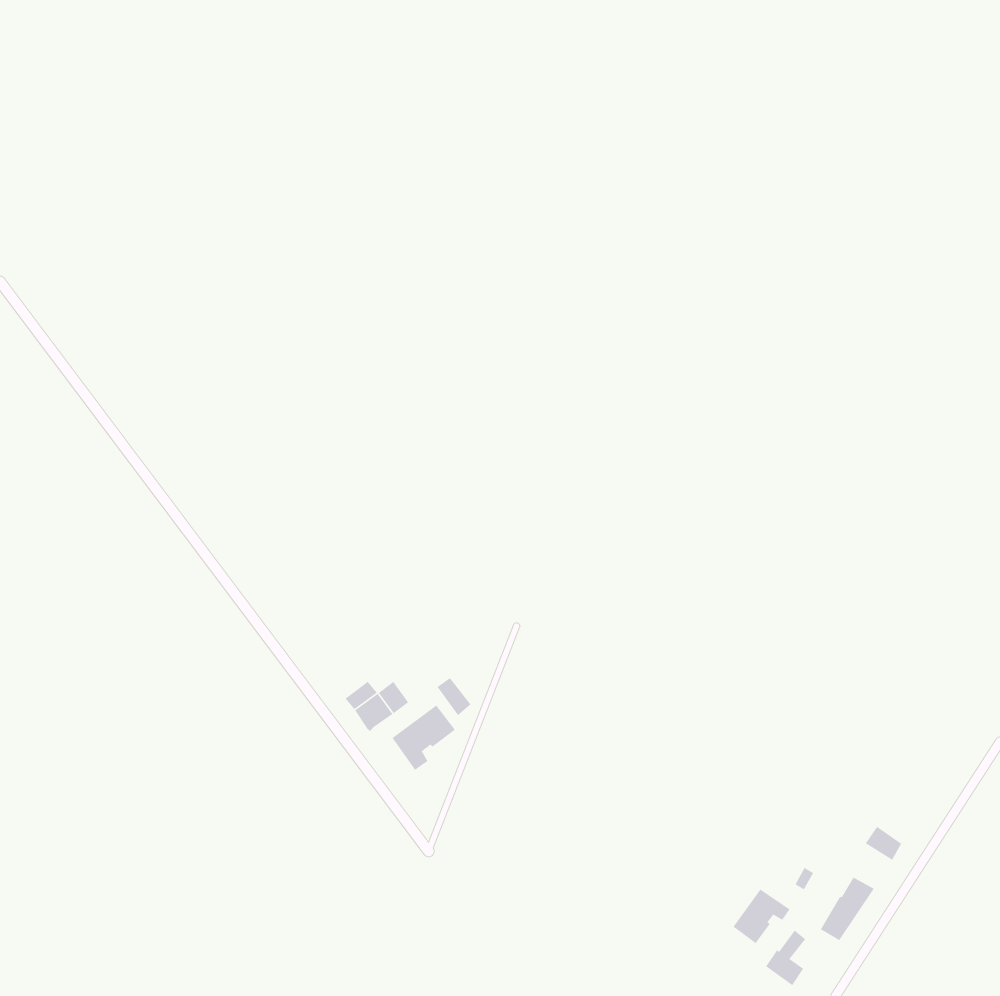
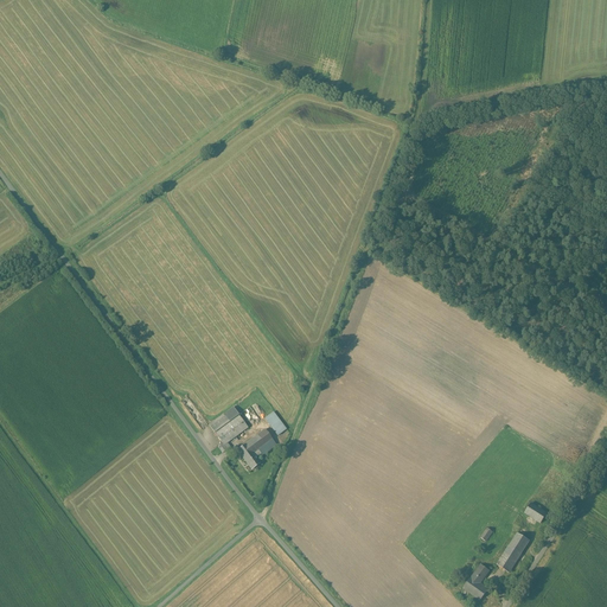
building: [733,888,790,944] -> none

